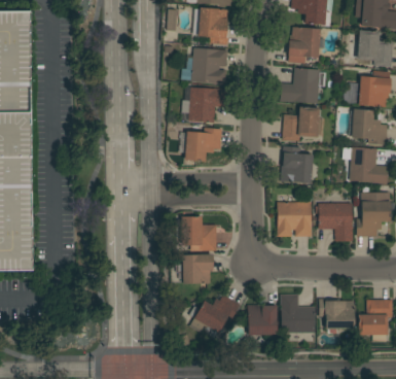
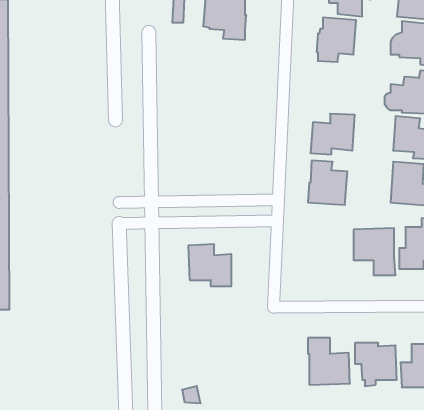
building: [181,48,228,84] -> none
building: [281,68,321,104] -> none
building: [182,87,229,124] -> none
building: [185,128,223,162] -> none
building: [278,196,313,237] -> none
building: [172,253,214,284] -> none
building: [190,295,241,338] -> none
building: [248,305,277,341] -> none

